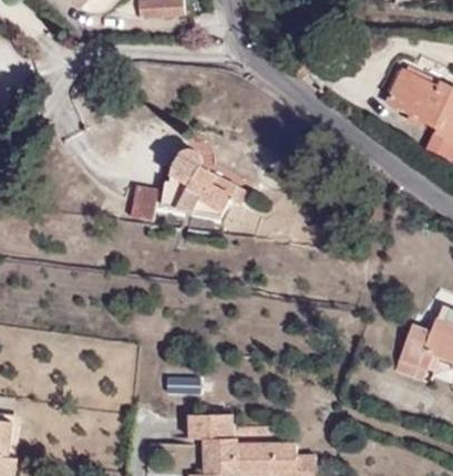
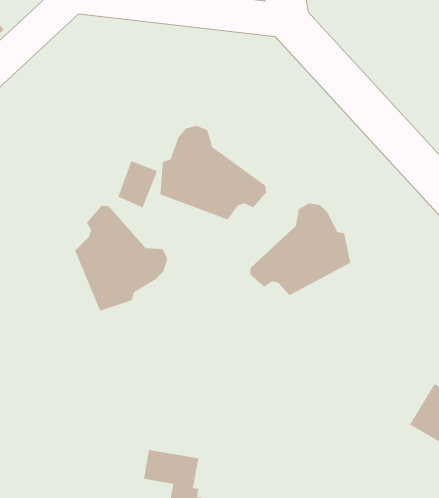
building: none -> [250,203,351,296]
building: none -> [74,205,168,312]

